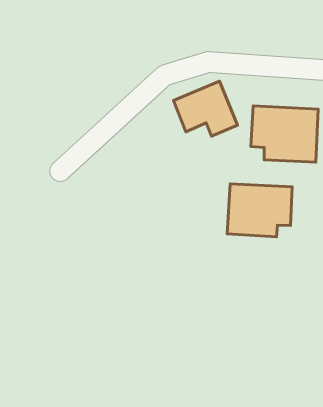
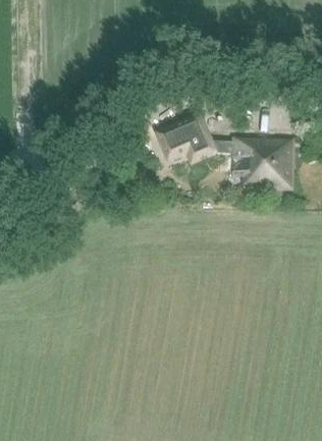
building: [227,184,292,237] -> none

